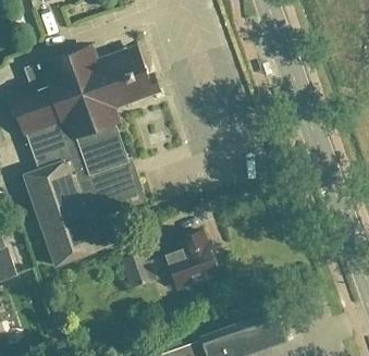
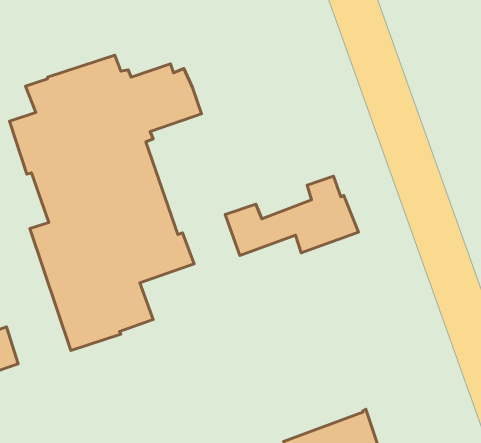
building: [120,230,219,289] -> [225,176,358,256]

